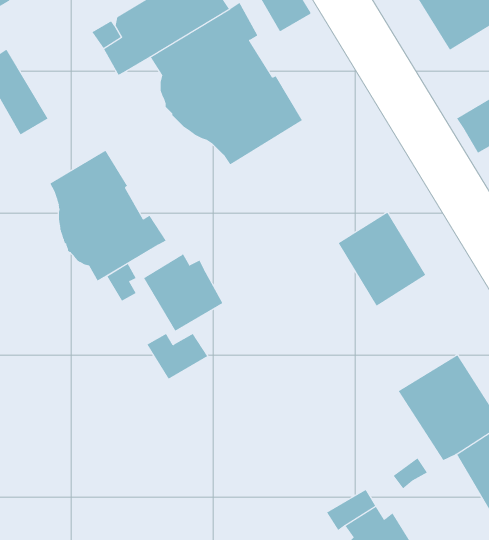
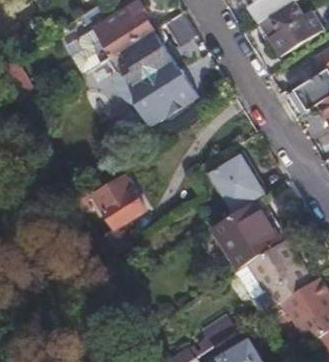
building: [49,150,166,282] -> none
building: none -> [217,201,278,262]

